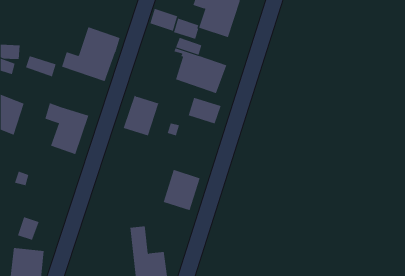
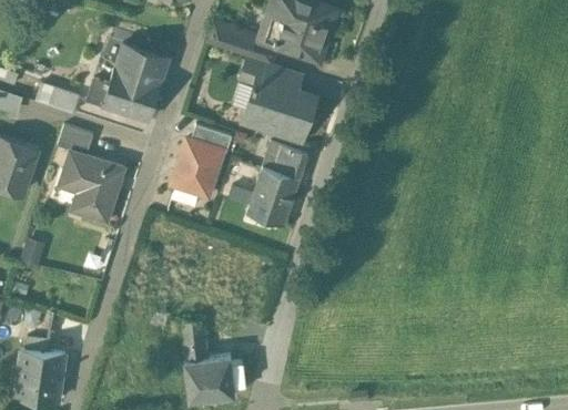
building: none -> [191,124,232,153]
building: none -> [58,125,93,155]
building: [163,169,200,211] -> [247,167,300,225]

